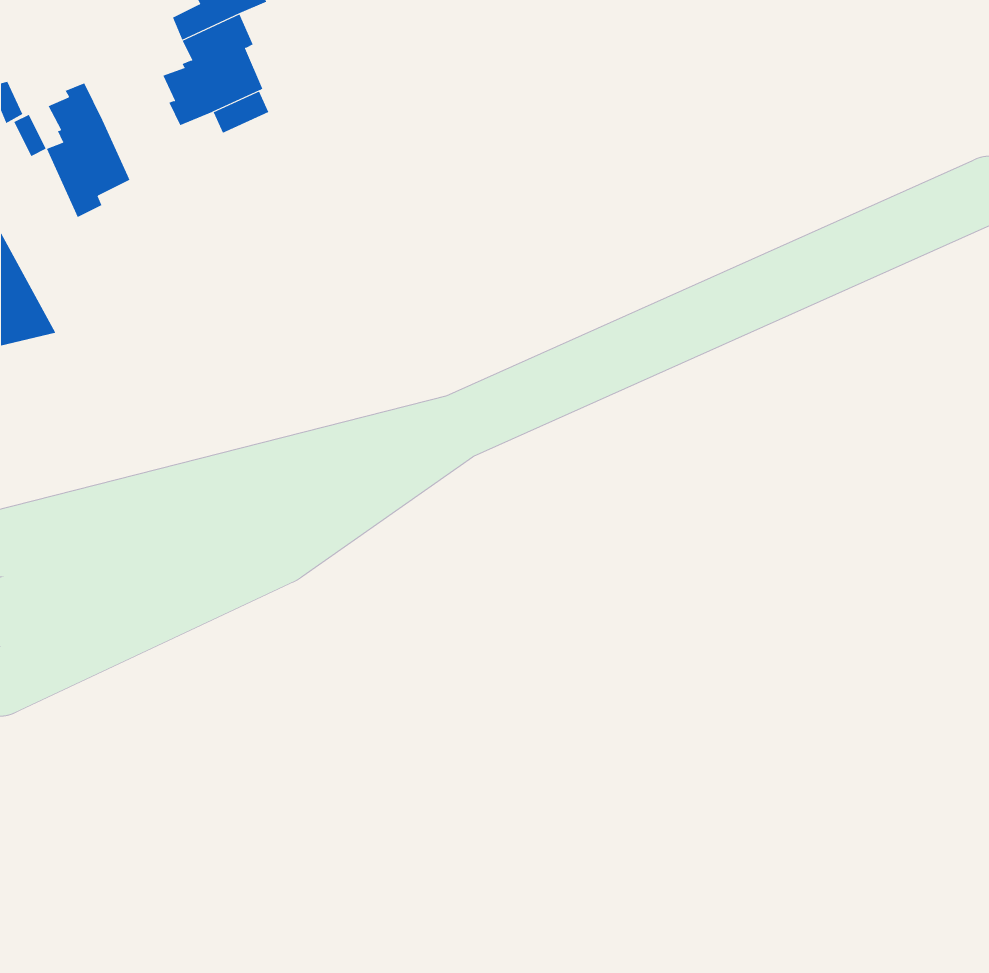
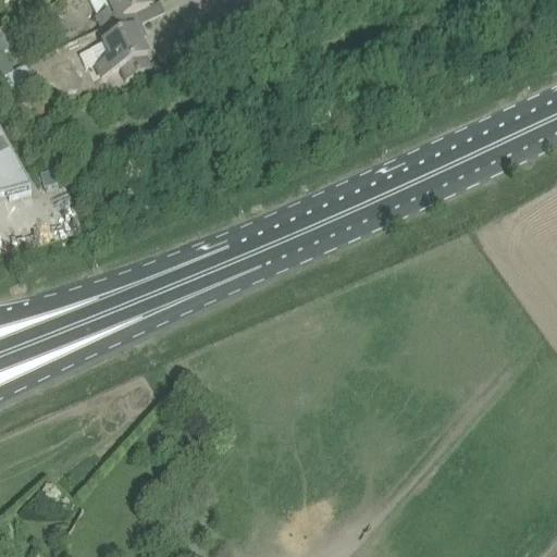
building: [46,83,130,218] -> none

